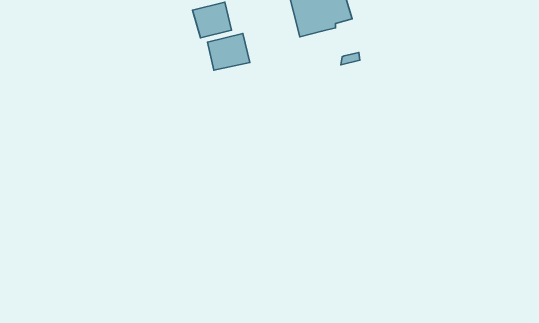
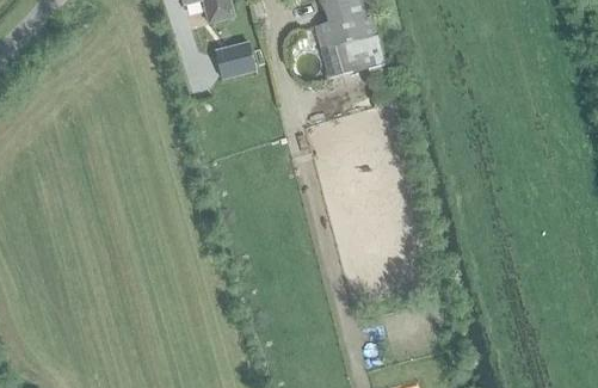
building: [208,34,250,70] -> none

